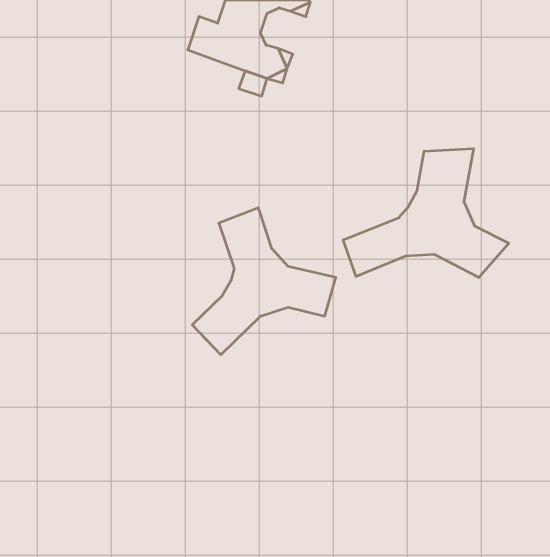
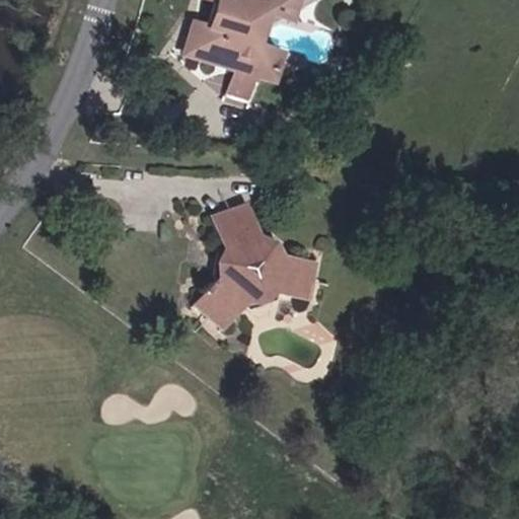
building: [343,149,509,278] -> none

